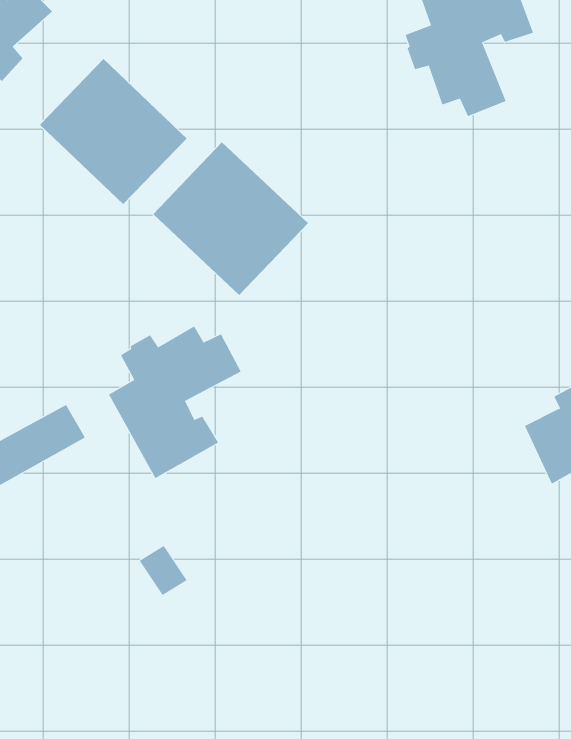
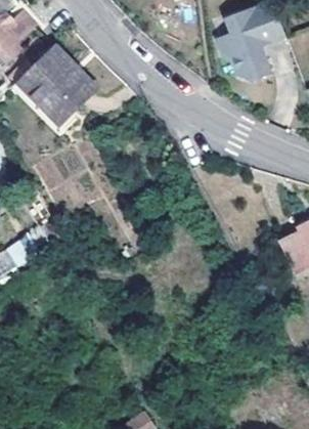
building: [152,141,309,296] -> none
building: [108,326,242,479] -> none

